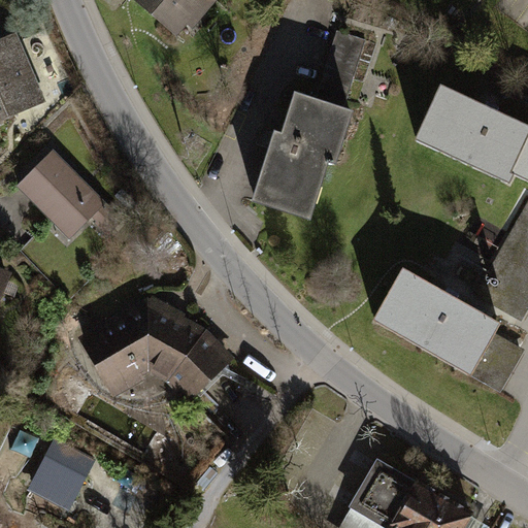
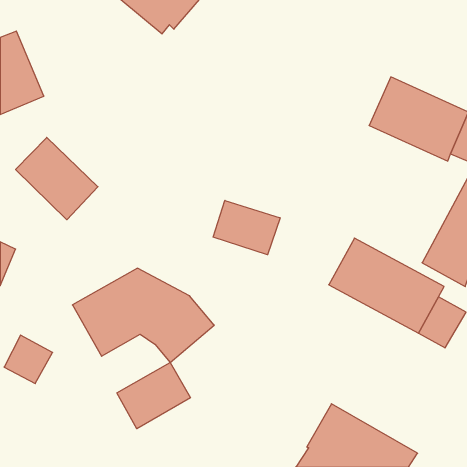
building: [249,30,362,212] -> none
building: none -> [213,200,280,255]
building: none -> [117,363,190,429]
building: [27,452,81,506] -> [4,335,53,384]

